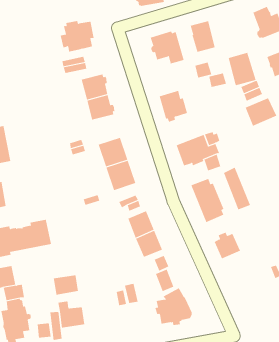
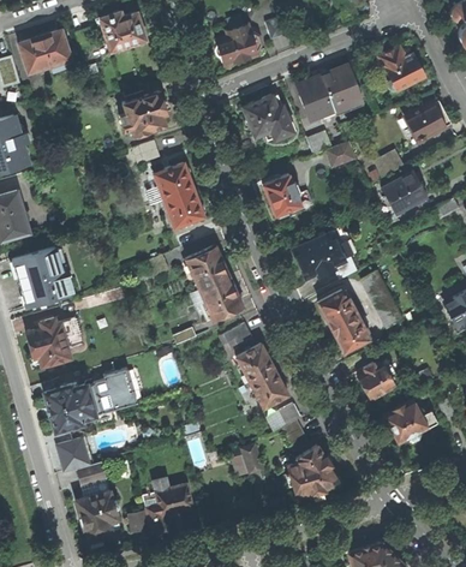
building: [228,52,256,86] -> [321,64,363,112]
building: none -> [386,401,438,443]
building: [53,274,78,295] -> none

